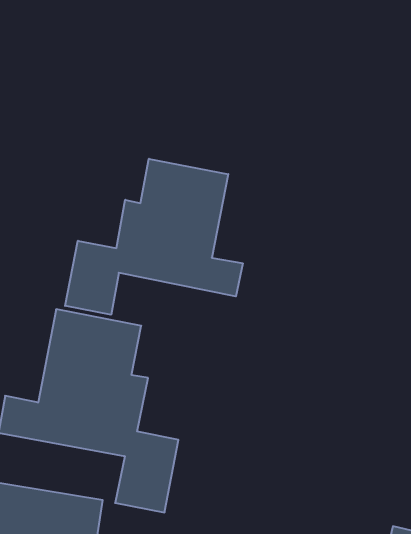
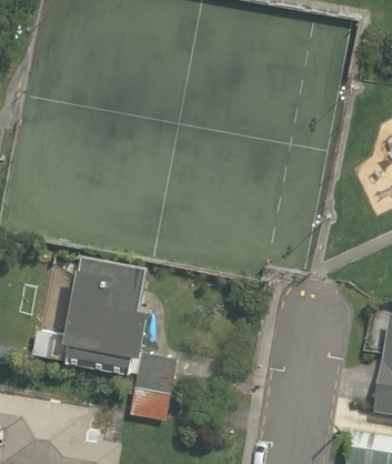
building: [65,159,243,315] -> none

